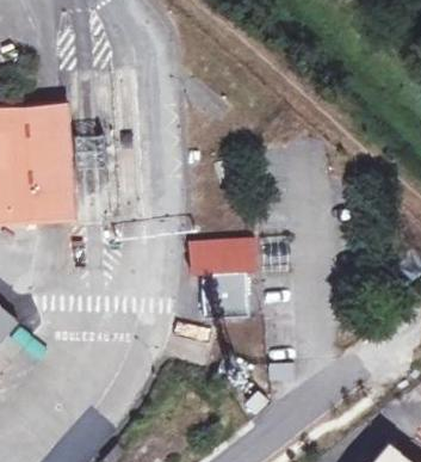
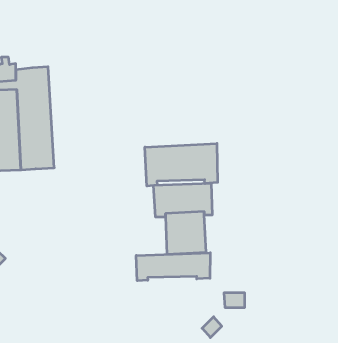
building: none -> [145,143,218,186]
building: none -> [136,253,210,281]

